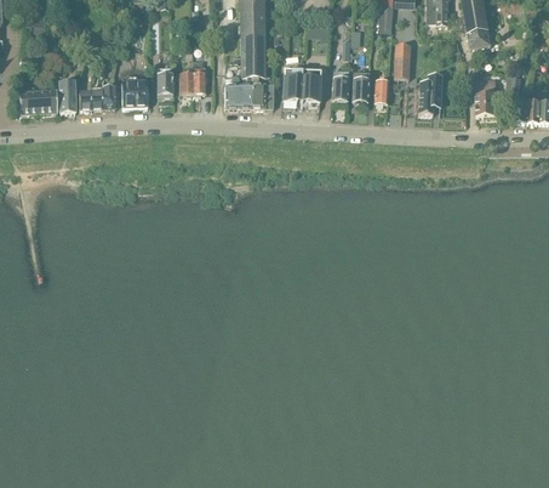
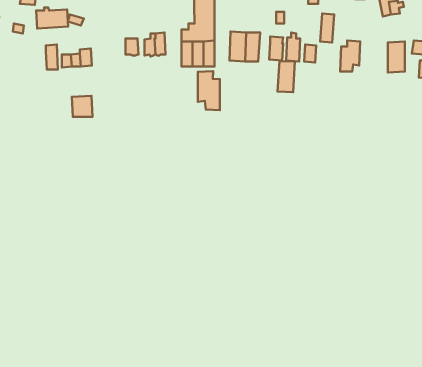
building: [122,80,148,106] -> [72,96,93,117]
building: [19,87,58,113] -> [36,7,68,28]
building: none -> [278,61,295,92]
building: none -> [198,71,220,110]

